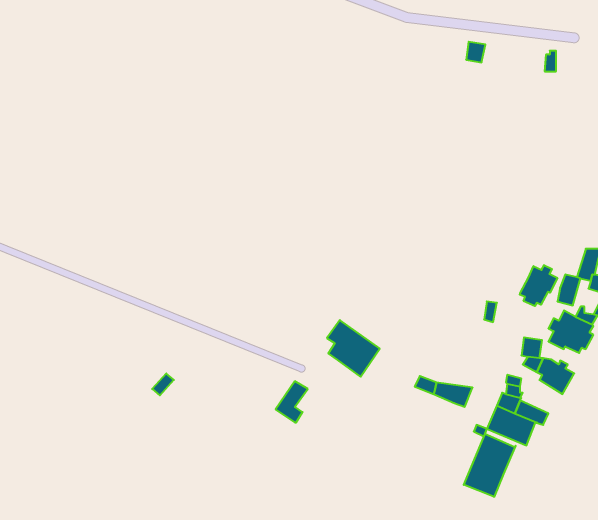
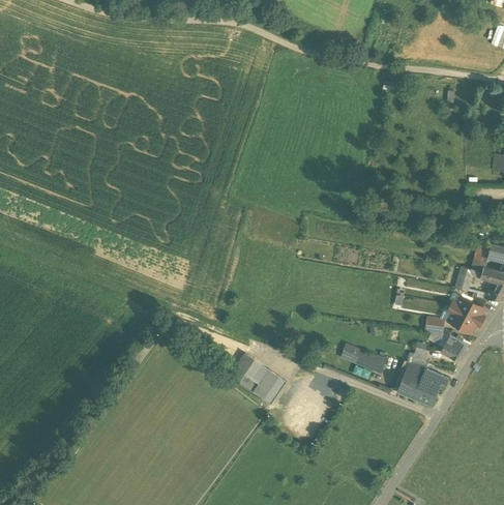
building: [520,265,557,306] -> none
building: [327,320,380,377] -> [243,358,286,404]
building: [464,434,516,497] -> none

